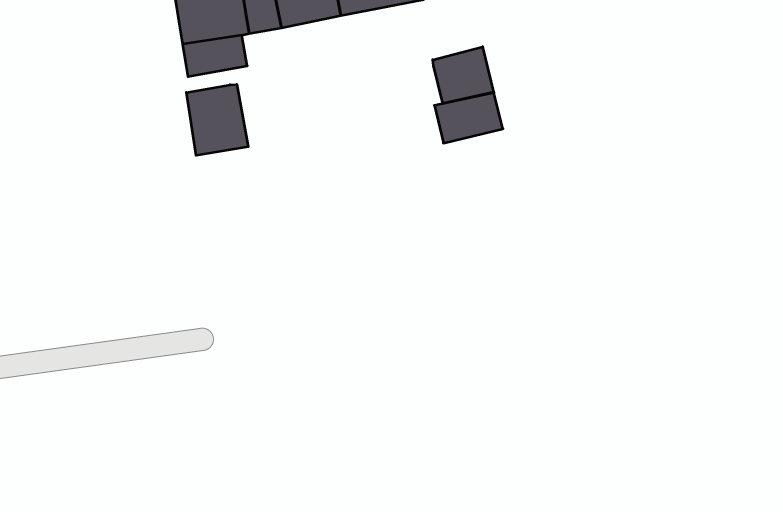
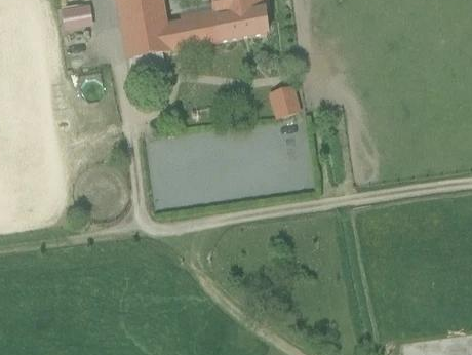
building: [433,47,493,104] -> none
building: [186,84,248,155] -> none

